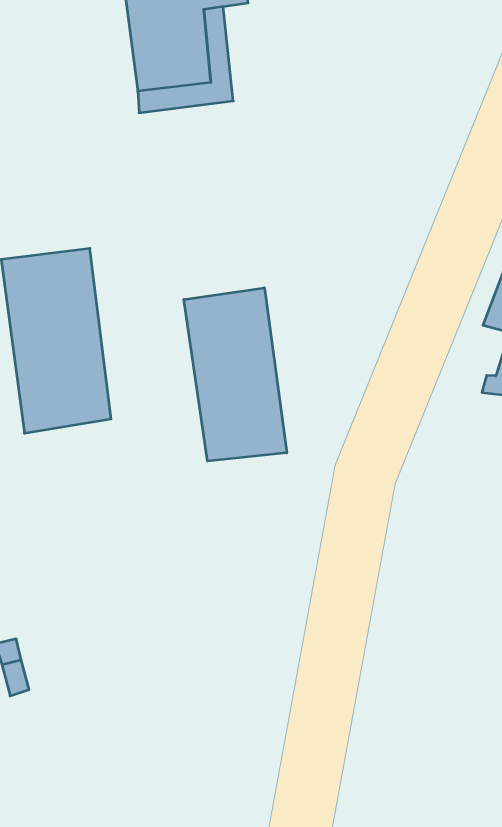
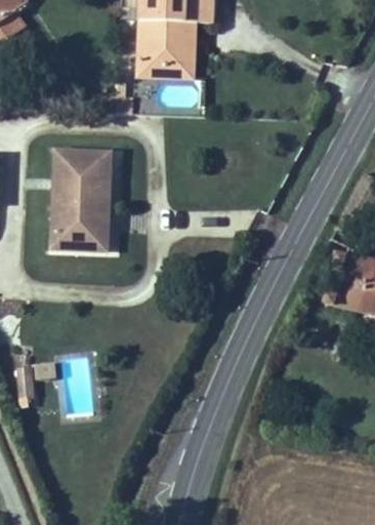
building: [184,288,287,461] -> none

